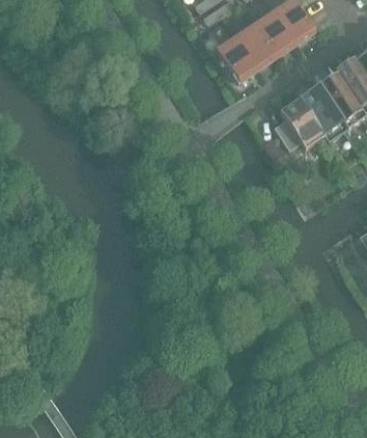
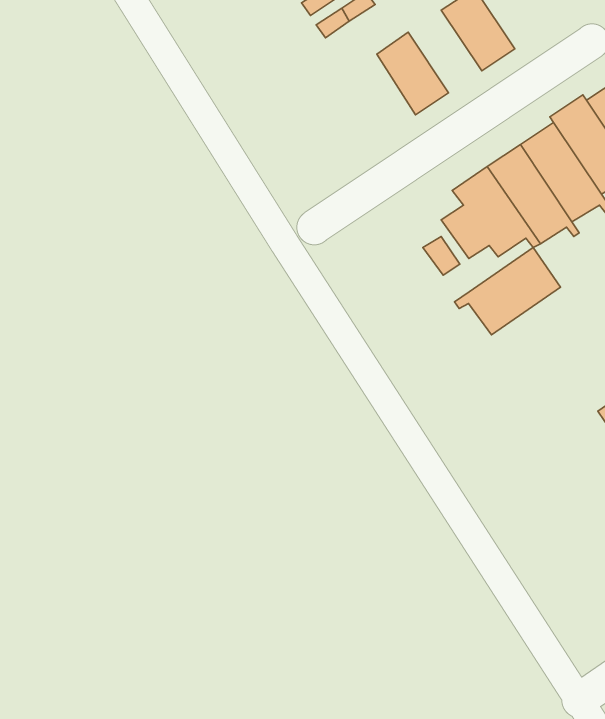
building: [253,8,294,55] -> none
building: [214,33,257,81] -> none
building: none -> [454,247,561,335]

